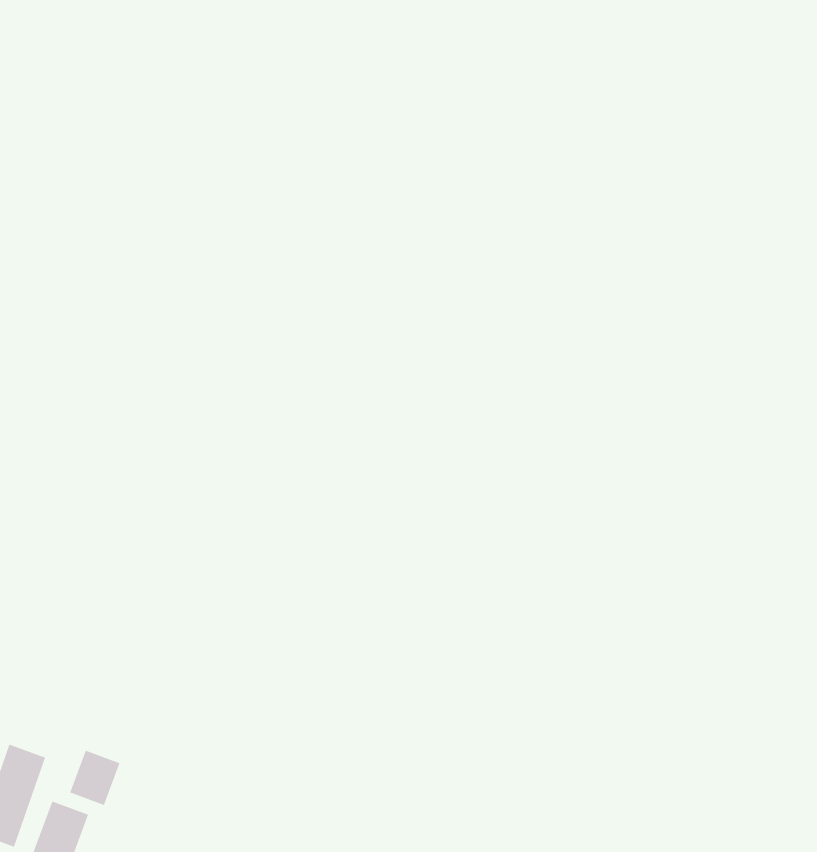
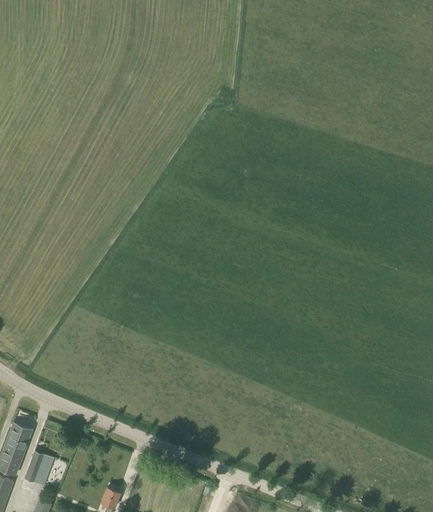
building: [70,750,120,806] -> none

